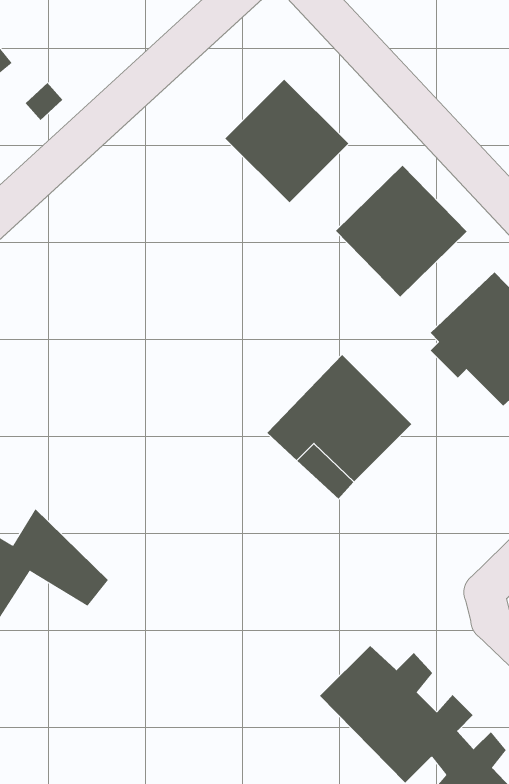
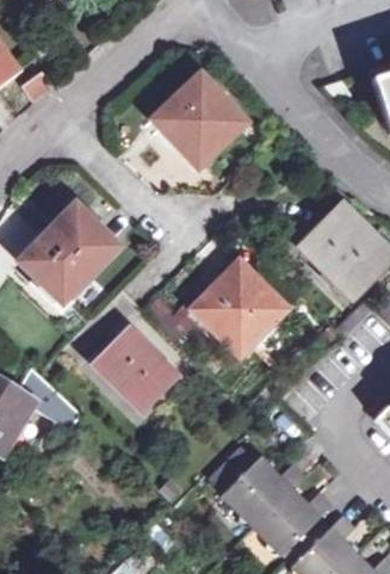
building: [335,165,467,297] -> none
building: none -> [19,202,118,301]
building: none -> [88,328,177,409]

